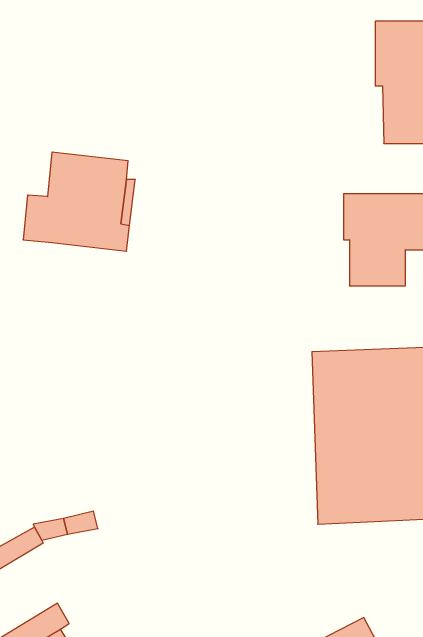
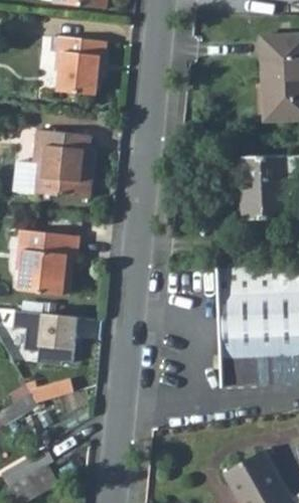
building: none -> [52,34,108,92]
building: none -> [23,229,86,296]
building: none -> [9,309,74,365]

